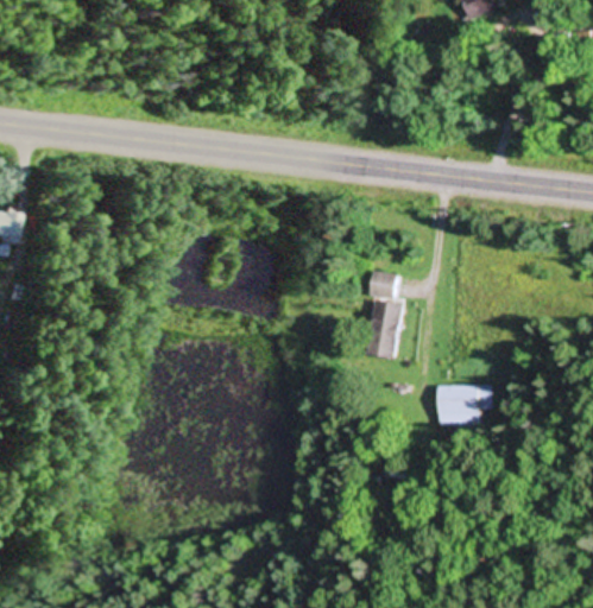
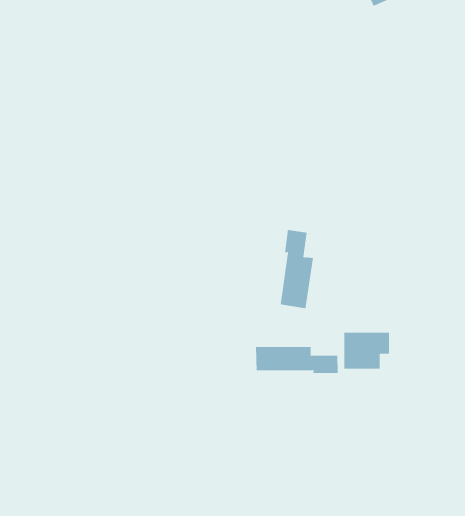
building: none -> [255,346,338,374]

